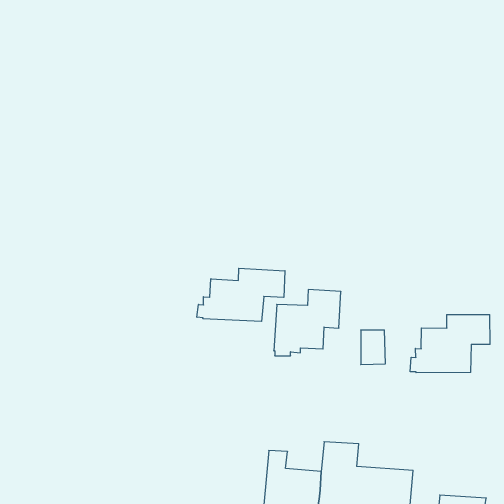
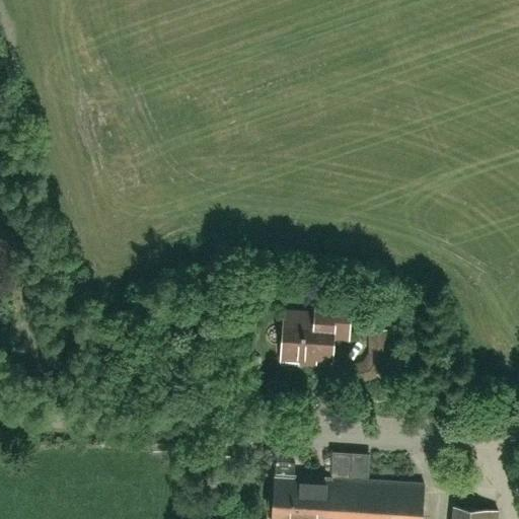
building: [197,268,285,321] -> none
building: [410,315,490,373] -> none

